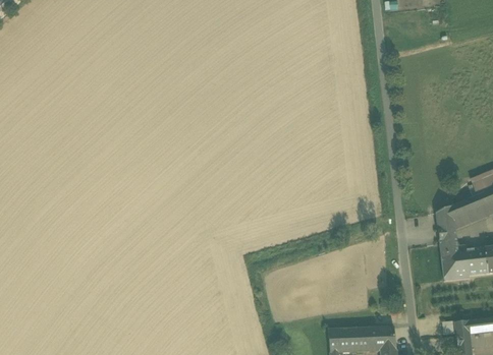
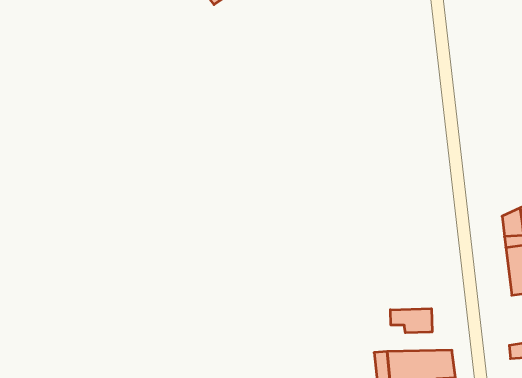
building: none -> [390,309,432,333]

